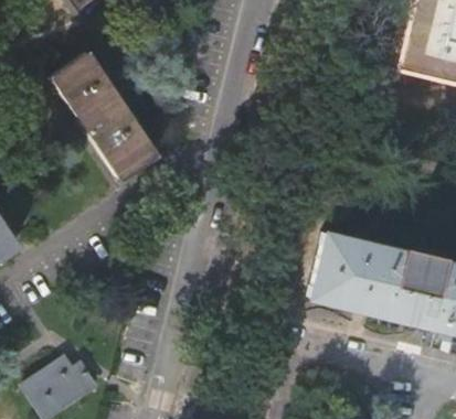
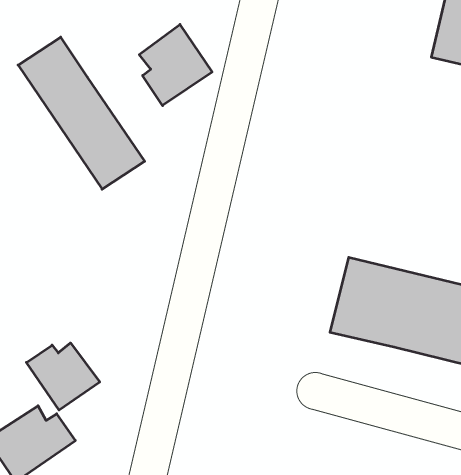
building: none -> [139,24,212,106]
building: none -> [26,343,100,410]

